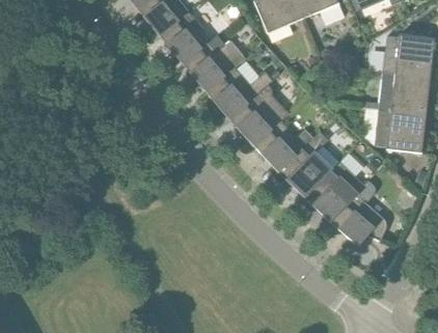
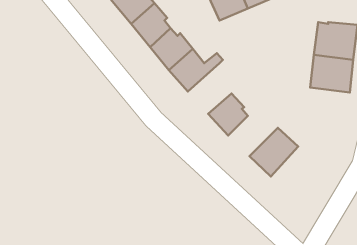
building: [229,84,289,145] -> none
building: [375,113,426,152] -> none
building: [278,132,331,196] -> none
building: [330,178,386,245] -> none

